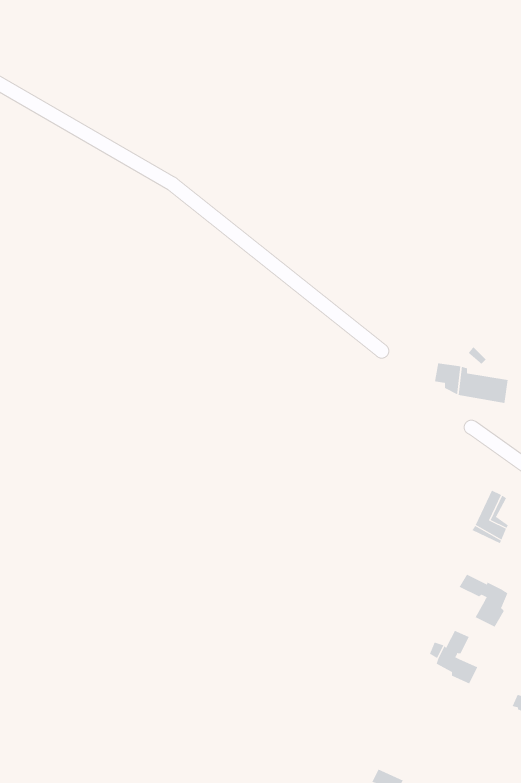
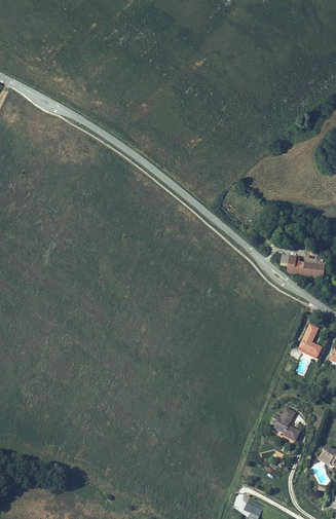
building: [459,574,508,627] -> none

